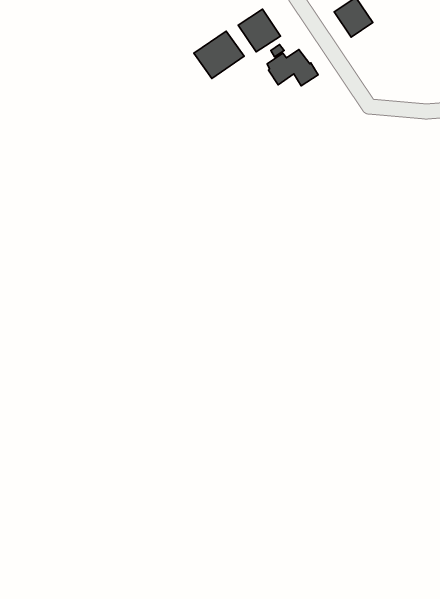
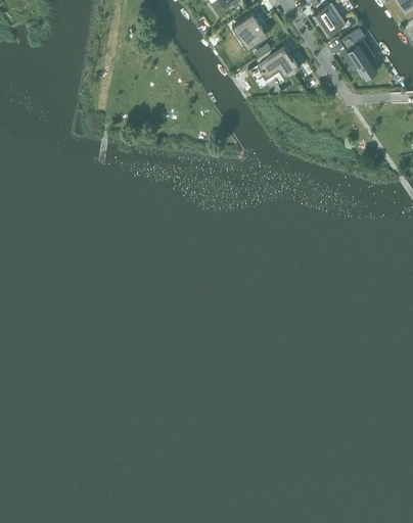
building: none -> [339,27,377,78]
building: [194,31,244,78] -> none

